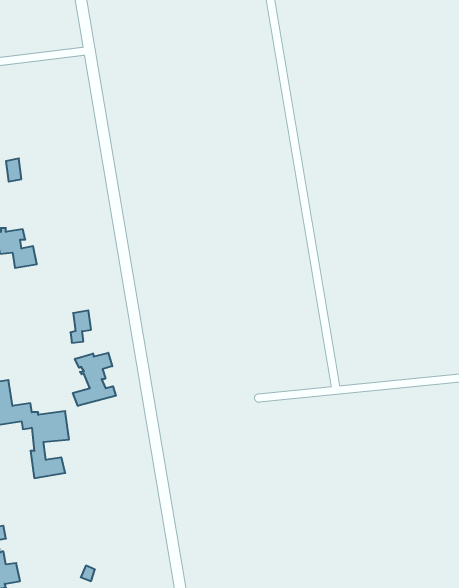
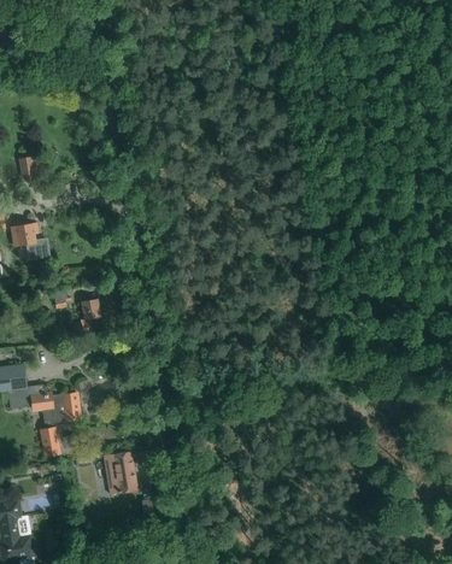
building: [73,353,116,406] -> none
building: none -> [104,451,137,493]

